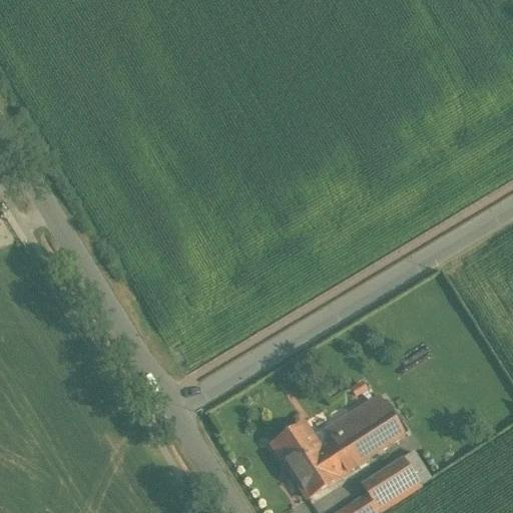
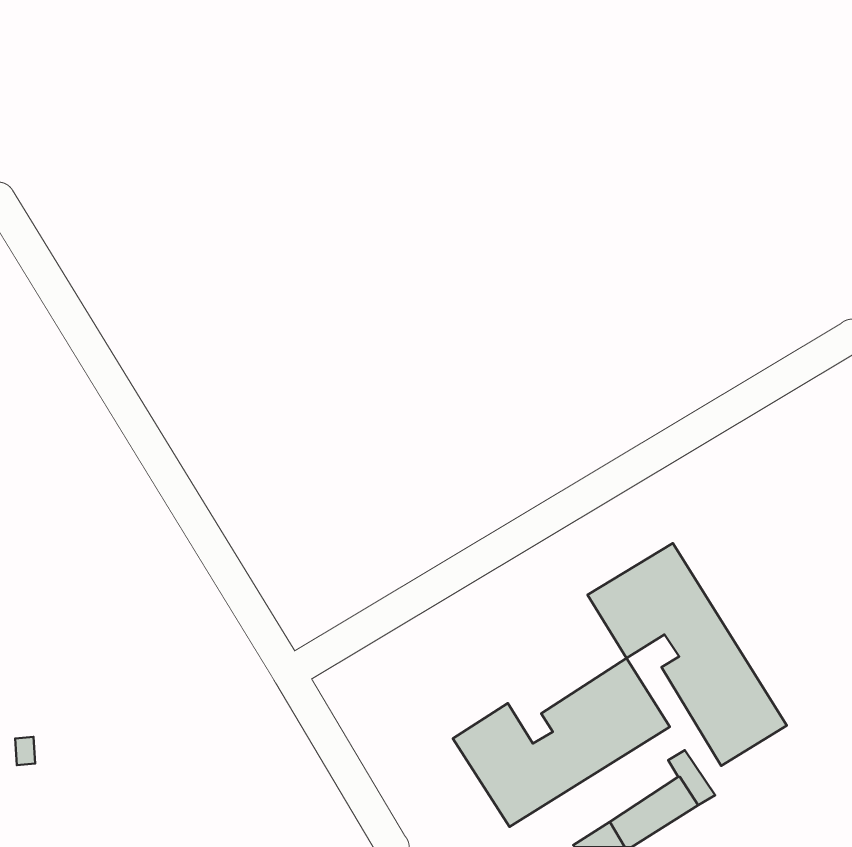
building: none -> [588,543,787,766]

